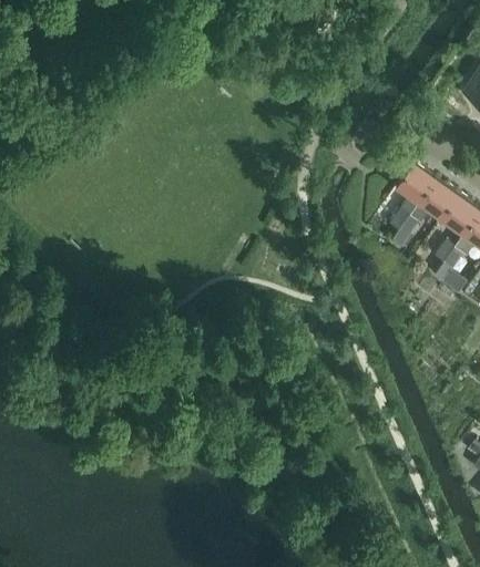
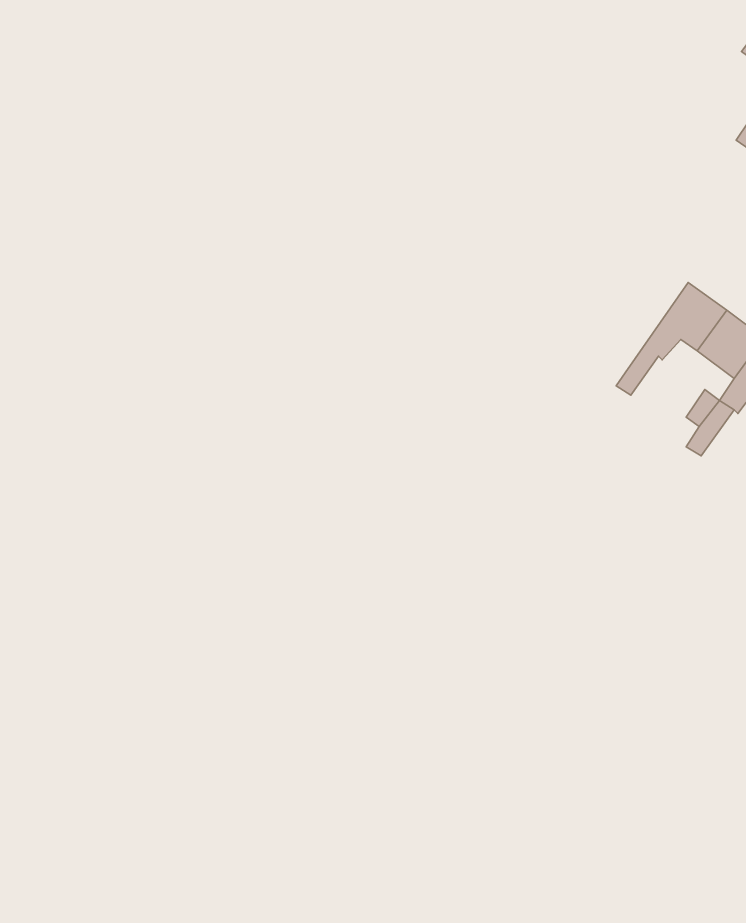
building: [389,164,436,234] -> none

